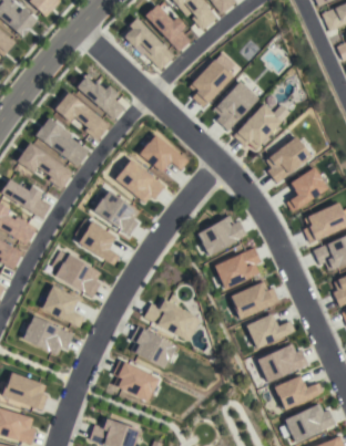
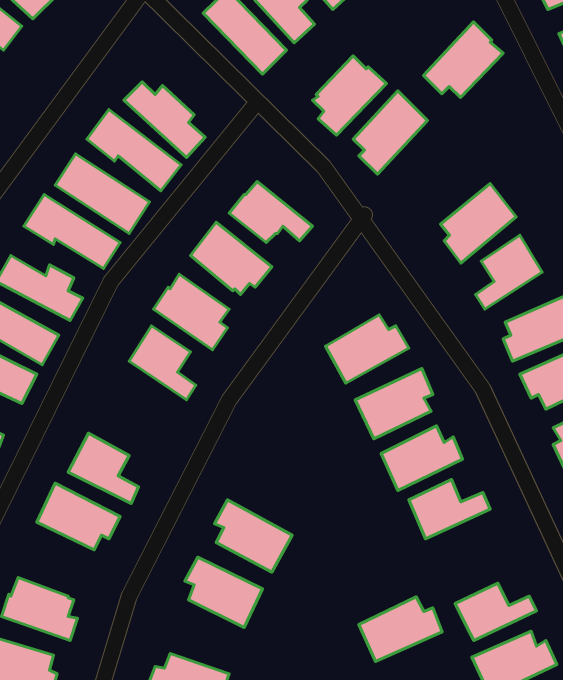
building: [234,103,282,148] -> [423,22,503,98]
building: [52,249,102,297] -> none
building: [145,297,201,340] -> none
building: [258,342,308,381] -> [359,597,442,661]

